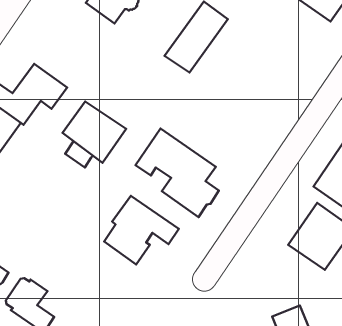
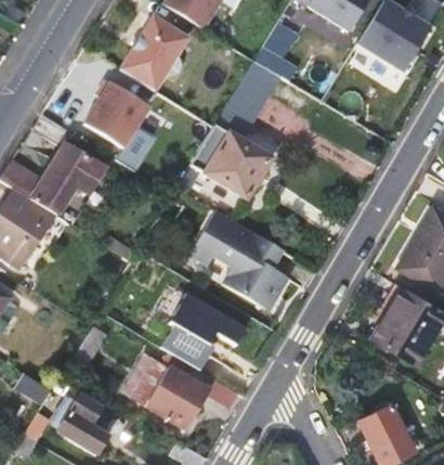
building: none -> [86,80,151,148]
building: [62,102,126,163] -> [192,125,265,194]
building: none -> [122,353,209,428]

